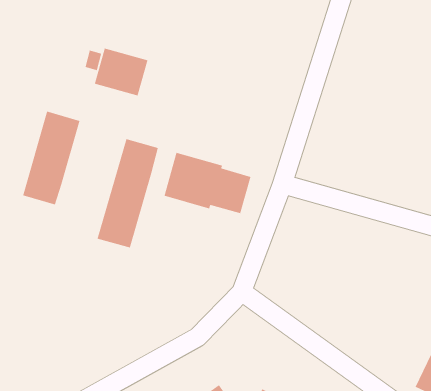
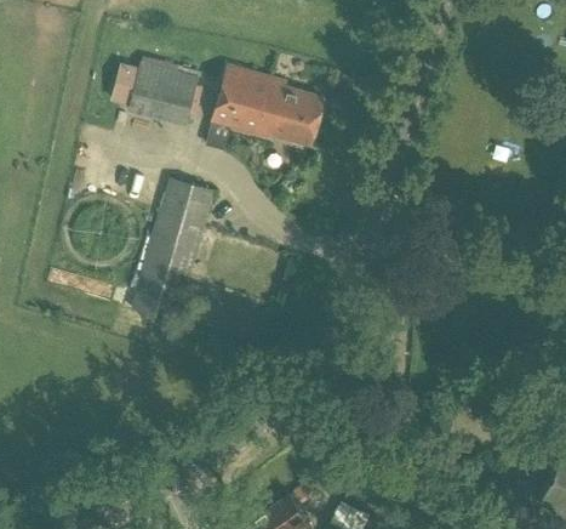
building: [22,110,81,206] -> none
building: [164,152,251,214] -> [211,64,324,144]

